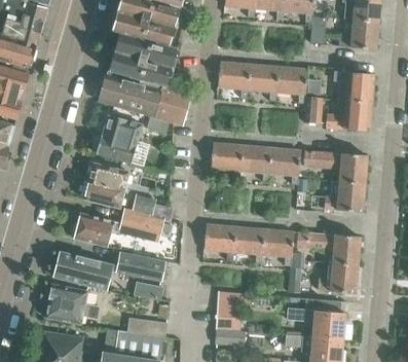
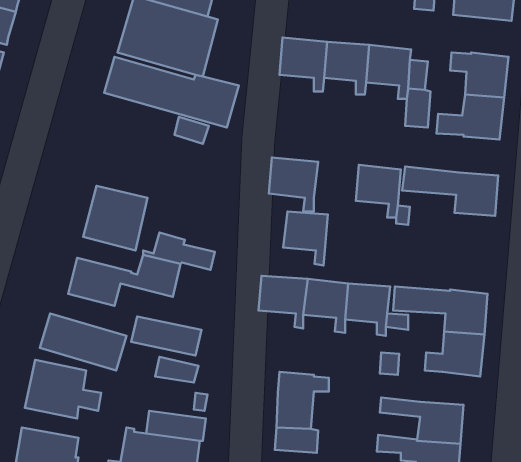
building: [95,113,141,161] -> none
building: [242,146,272,183] -> [283,211,328,265]
building: [325,181,366,211] -> none

